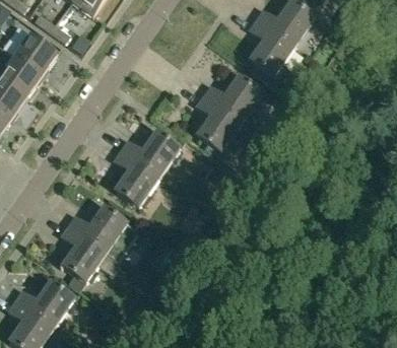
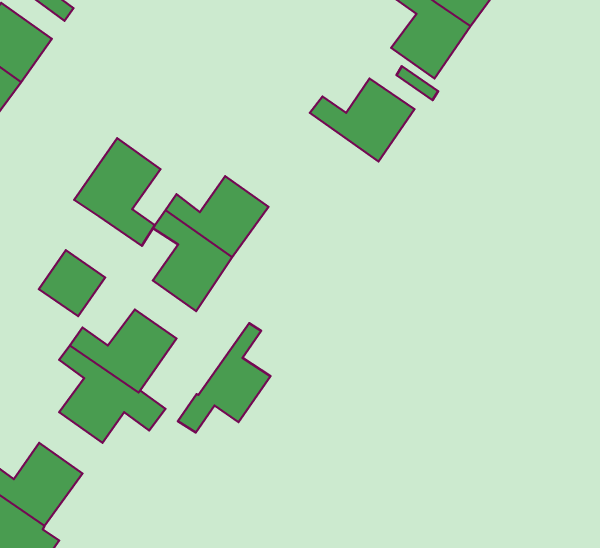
building: [195,95,241,152] -> none
building: none -> [74,138,161,246]
building: none -> [39,250,105,316]
building: none -> [178,323,270,433]

